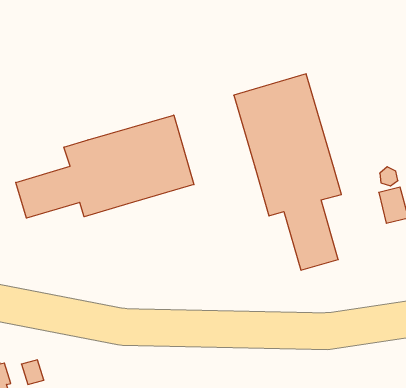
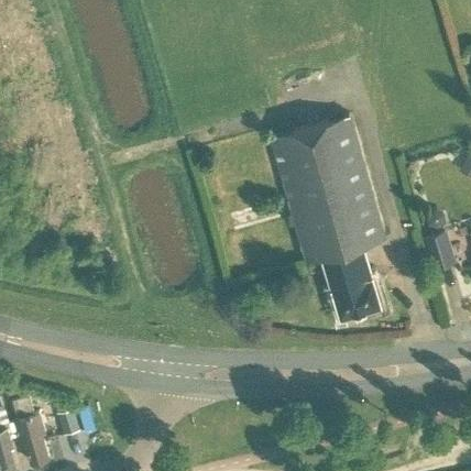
building: [16,115,194,218] -> none

